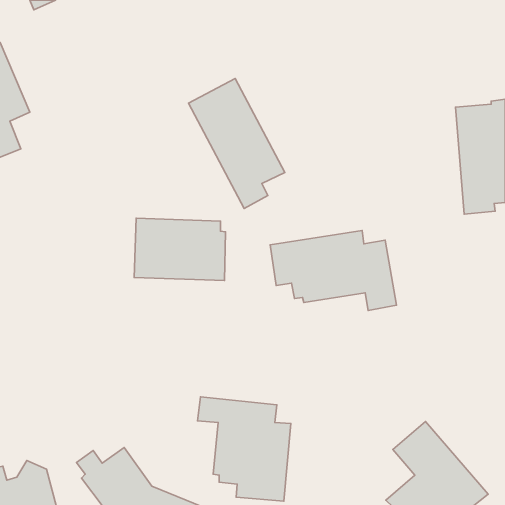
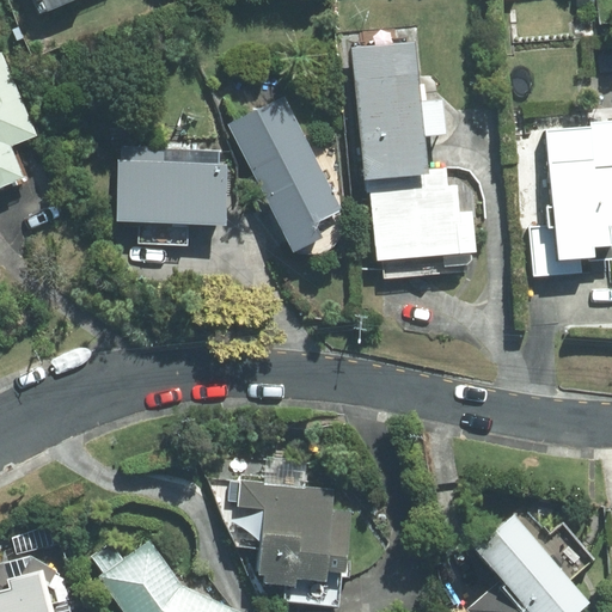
building: none -> [350,43,478,281]
building: [134,218,225,281] -> [117,149,227,225]
building: [270,230,397,310] -> none

